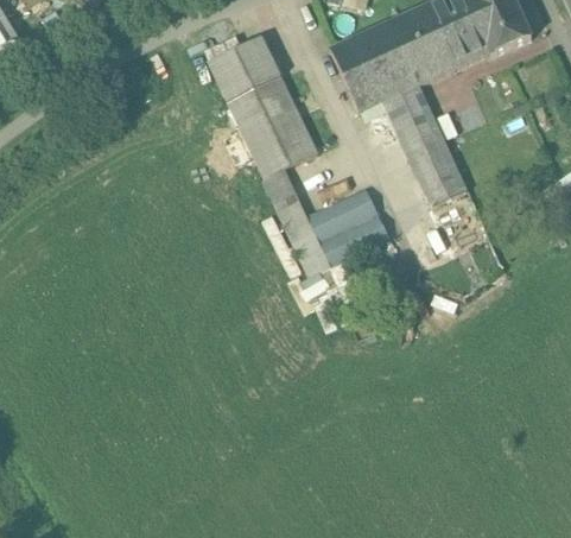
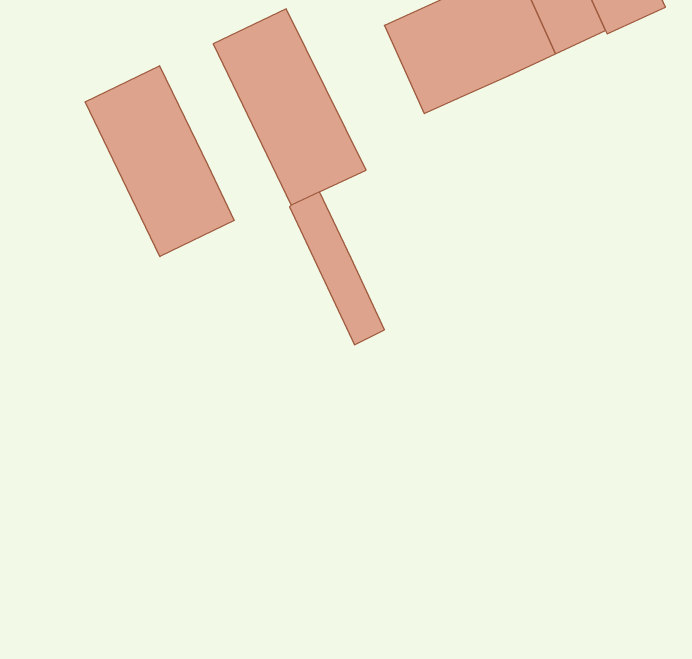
building: none -> [85,66,234,257]
building: [382,83,467,205] -> none
building: [306,185,389,265] -> none

